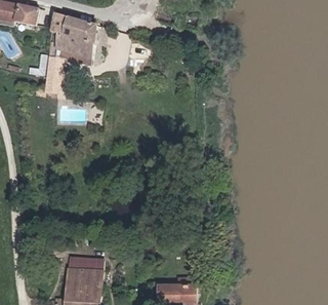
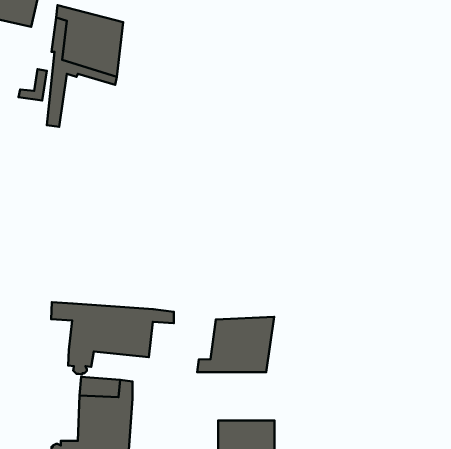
building: none -> [51,302,174,374]
building: none -> [197,317,274,372]

